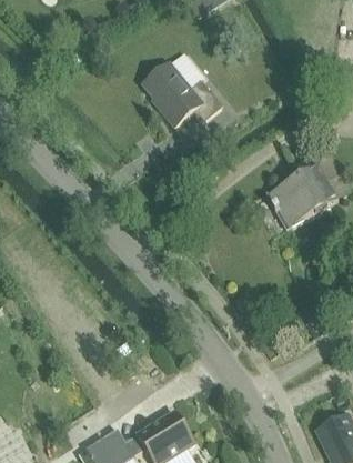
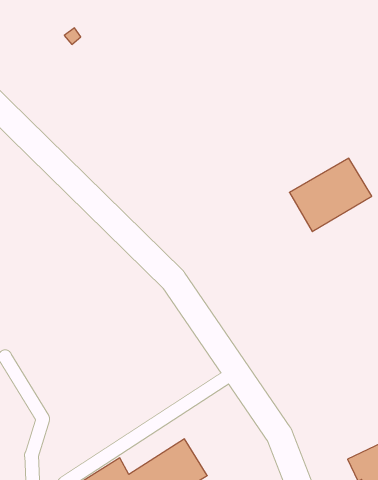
building: [143,61,220,124] -> none

